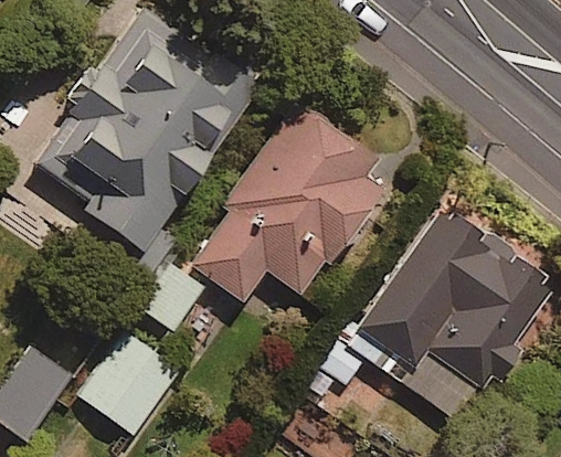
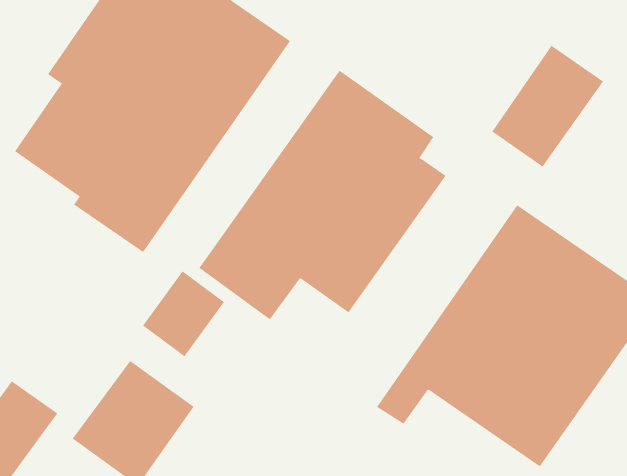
building: none -> [491,45,604,168]

